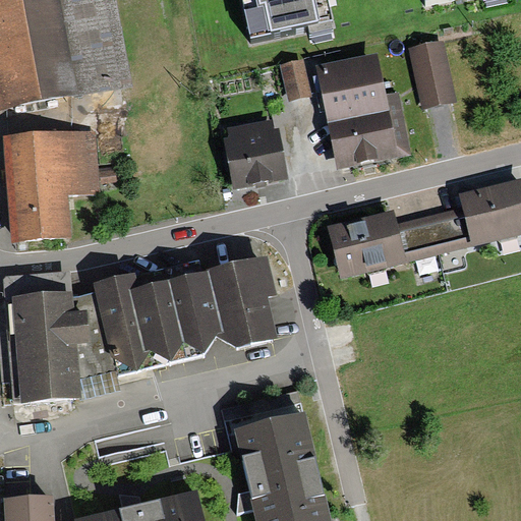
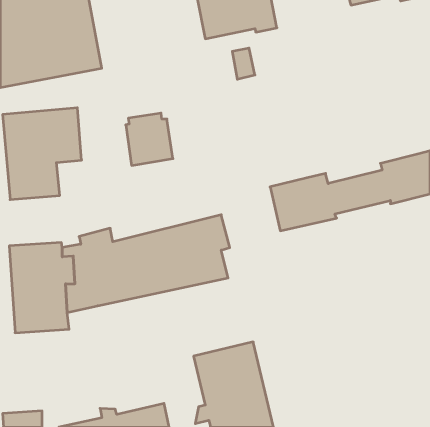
building: [405,39,454,106] -> none
building: [321,53,396,161] -> none
building: [228,121,285,184] -> [126,113,173,165]

